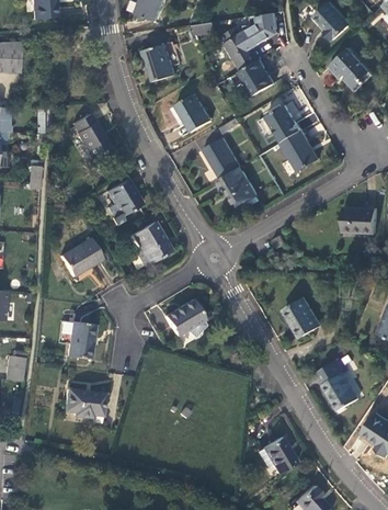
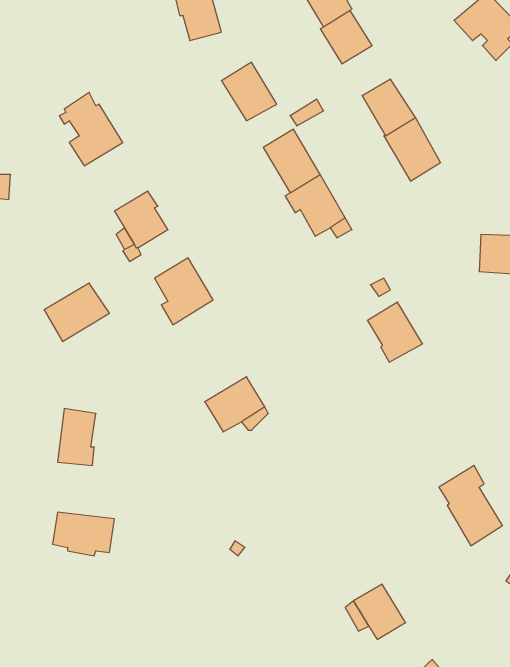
building: [286,297,322,337] -> [367,302,423,362]

